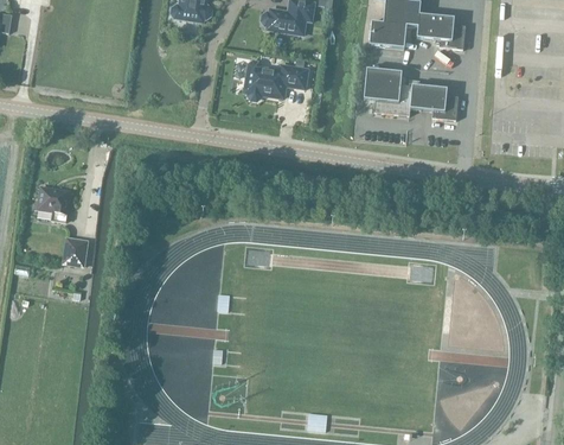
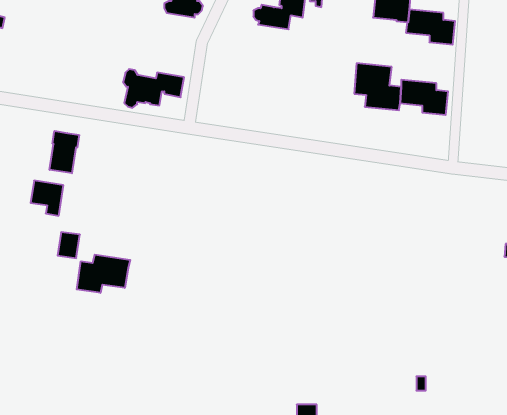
building: [368,20,406,47] -> none
building: [246,61,308,100] -> [123,69,184,108]
building: none -> [50,131,79,173]
building: none -> [77,255,130,293]

